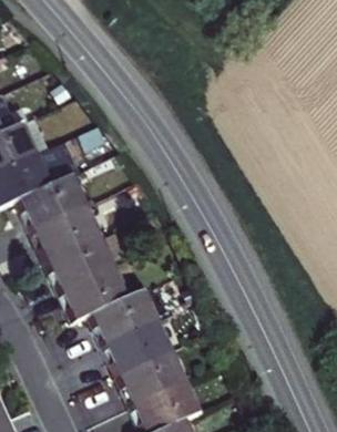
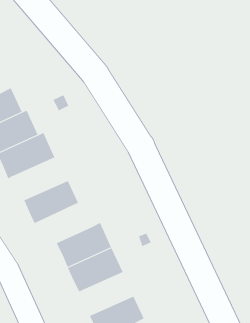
building: [32,206,101,260] -> none
building: [60,264,131,320] -> none
building: [116,351,186,407] -> none

